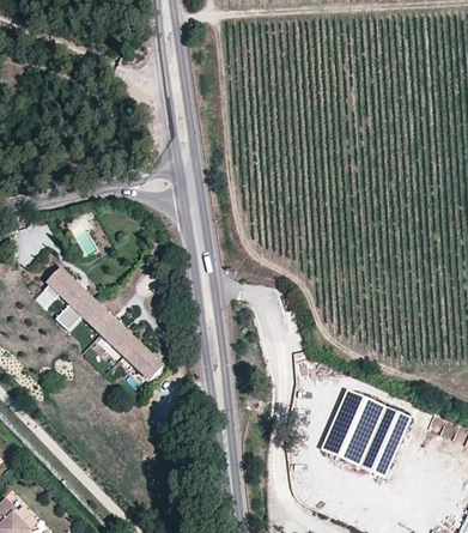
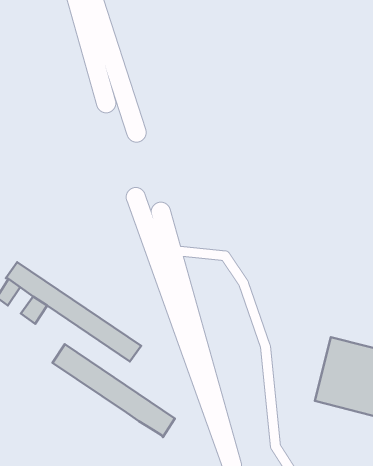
building: none -> [53,344,175,437]

